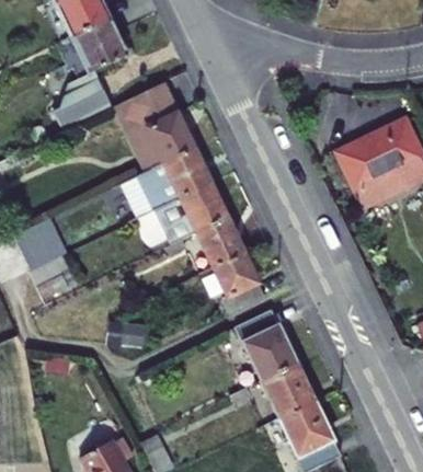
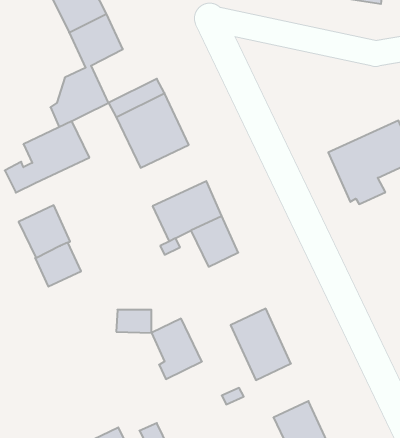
building: [127,148,212,219] -> [5,121,89,193]
building: [214,255,264,315] -> [151,319,202,379]
building: [261,366,313,419] -> none

